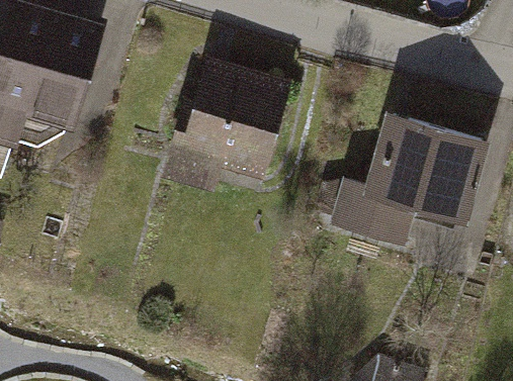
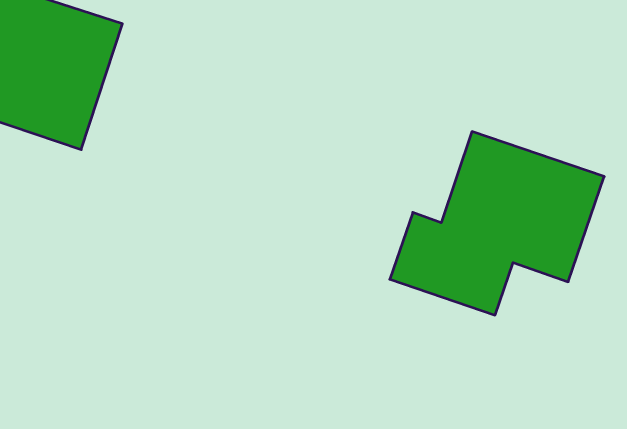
building: [164,60,293,194] -> none

